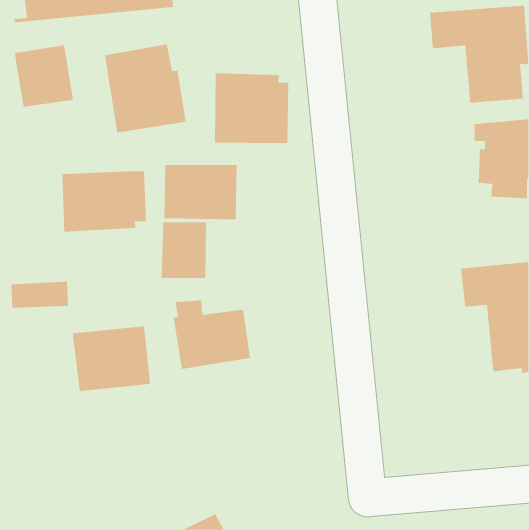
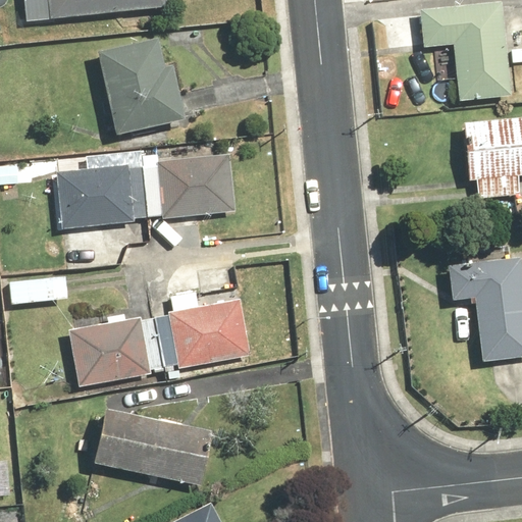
building: [14,44,74,108] -> none
building: [215,72,289,144] -> none
building: [161,221,207,279] -> none
building: none -> [94,409,216,487]

